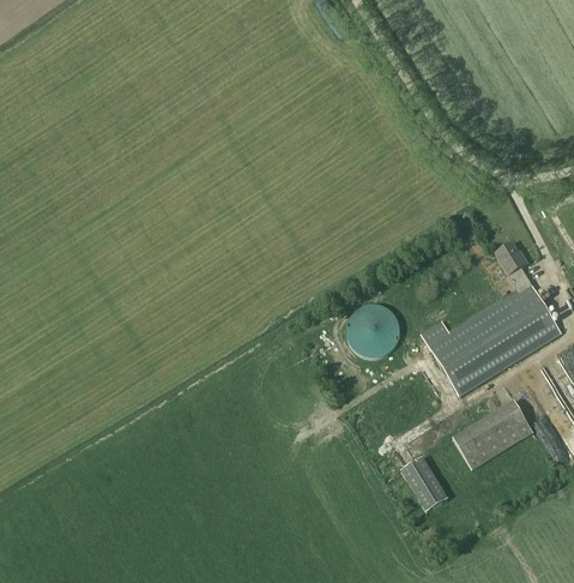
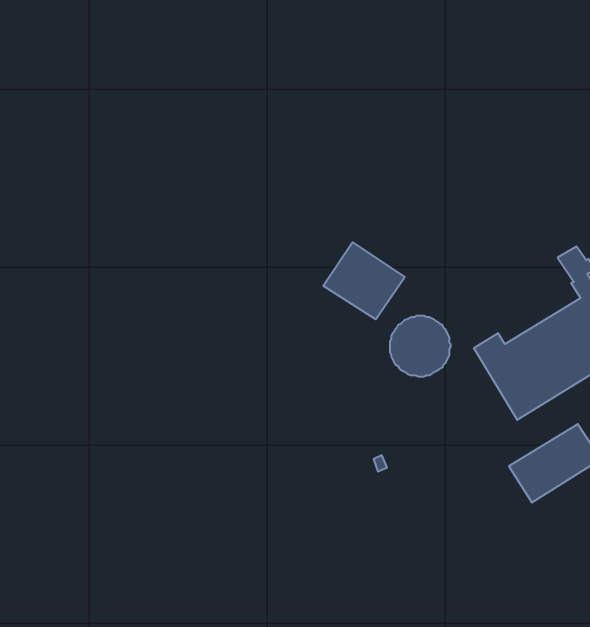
building: none -> [323,242,405,319]
building: [398,456,448,513] -> none

